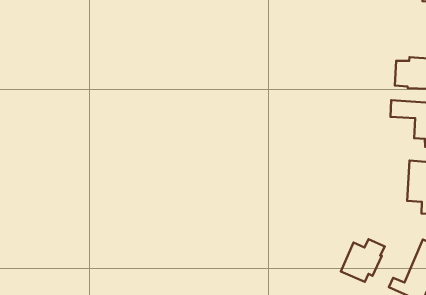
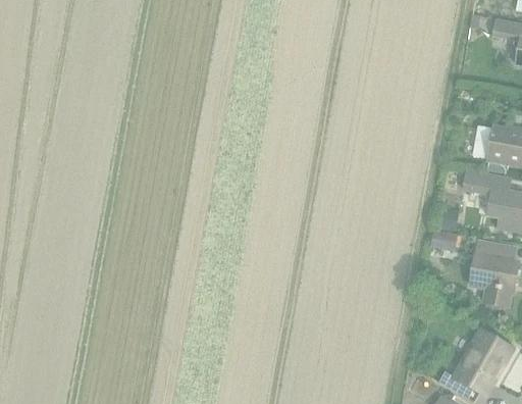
building: [341,239,385,282] -> none

